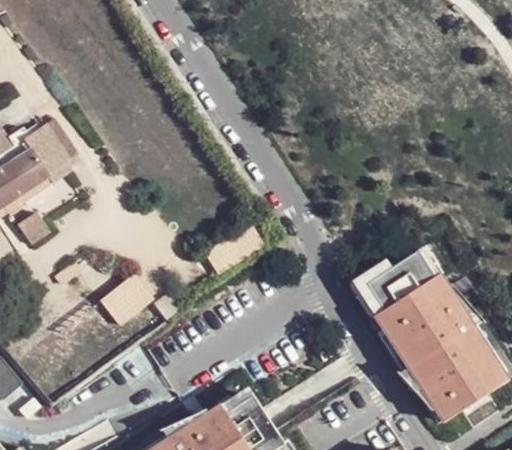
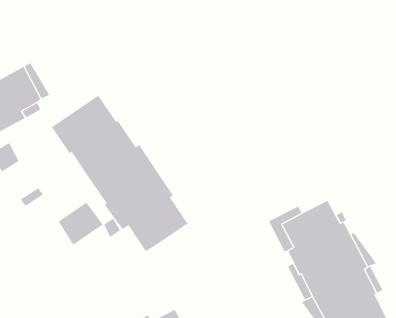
building: none -> [51,95,188,252]

